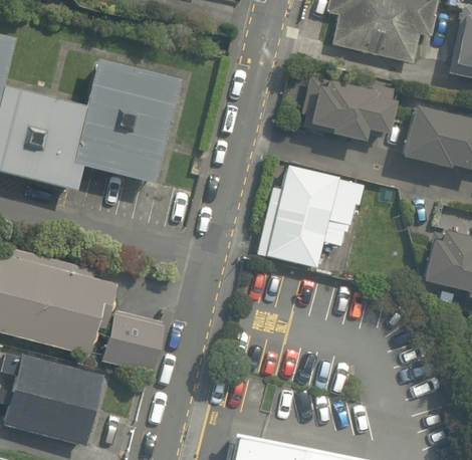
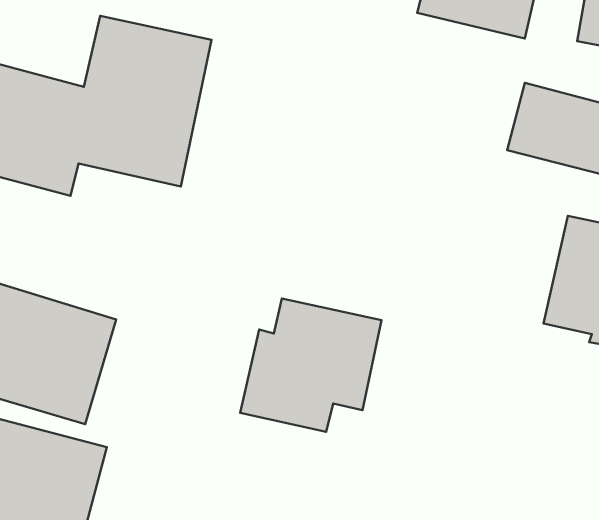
building: [304,76,394,139] -> none
building: [257,165,363,264] -> [240,299,381,432]
building: [104,307,169,375] -> none

